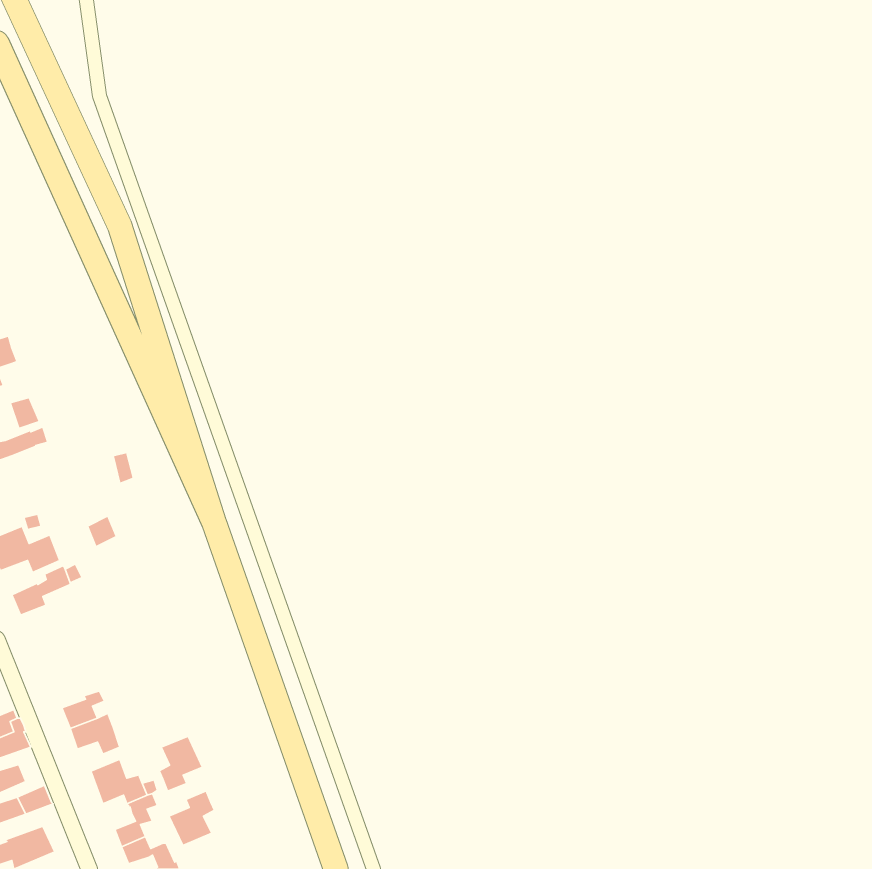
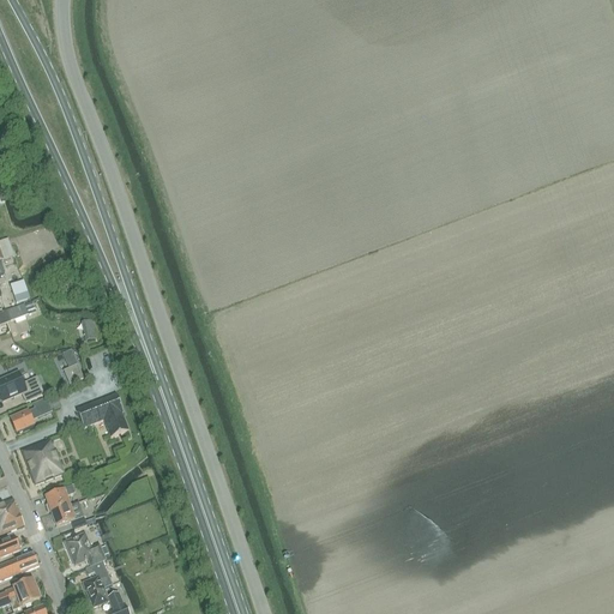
building: none -> [76,392,127,435]
building: none -> [19,437,62,483]
building: [159,736,202,791] -> none
building: [169,791,214,846] -> none

